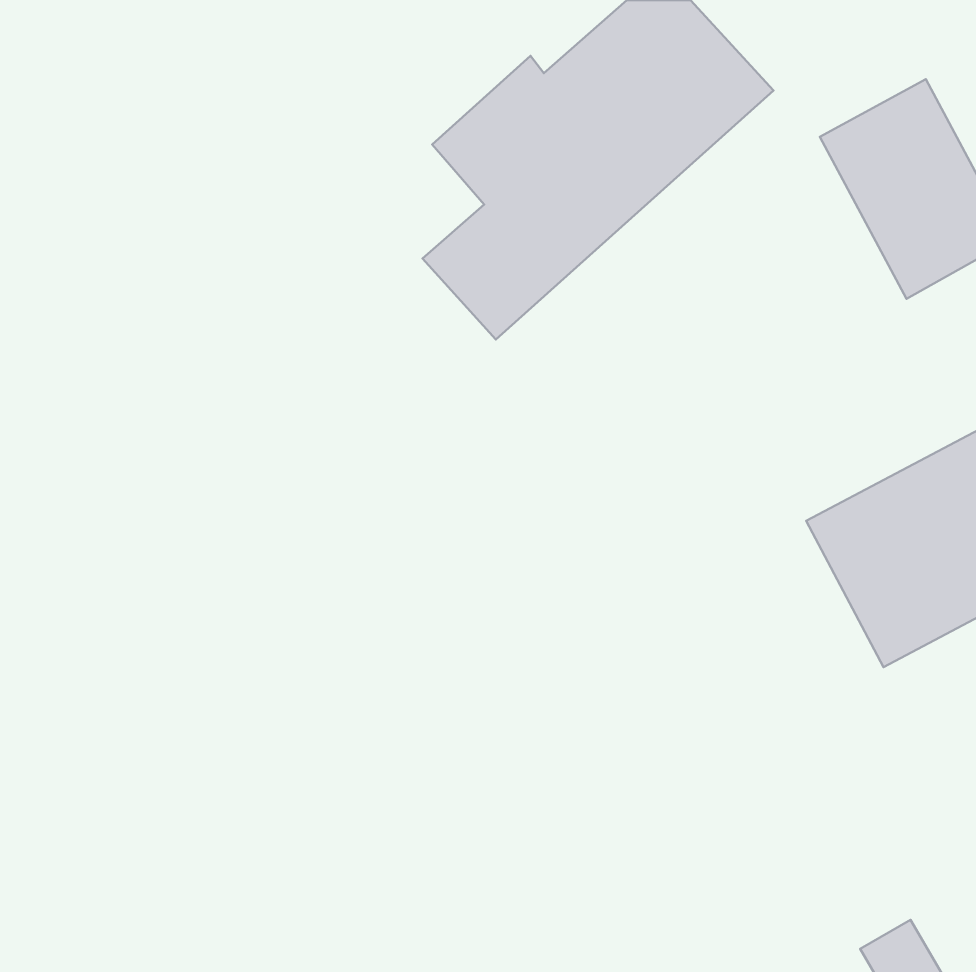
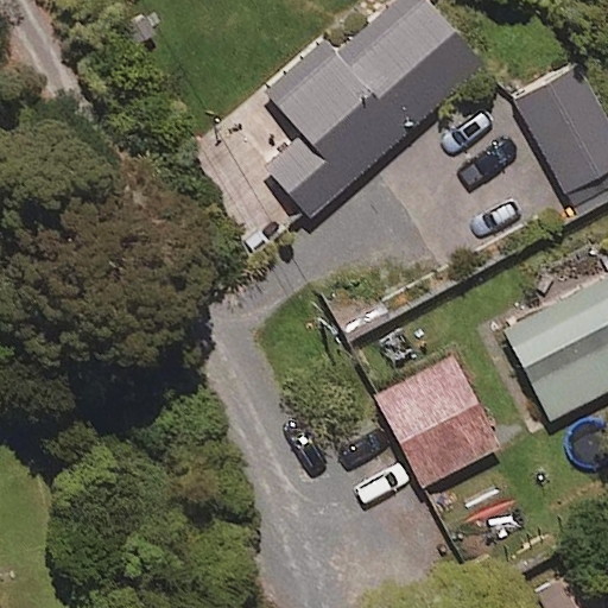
building: none -> [375,357,498,487]

